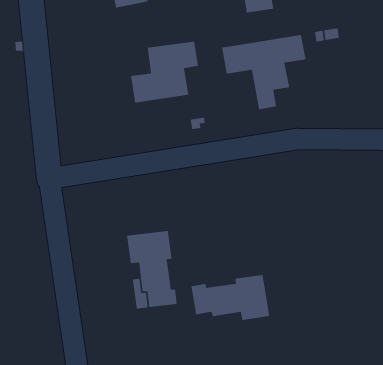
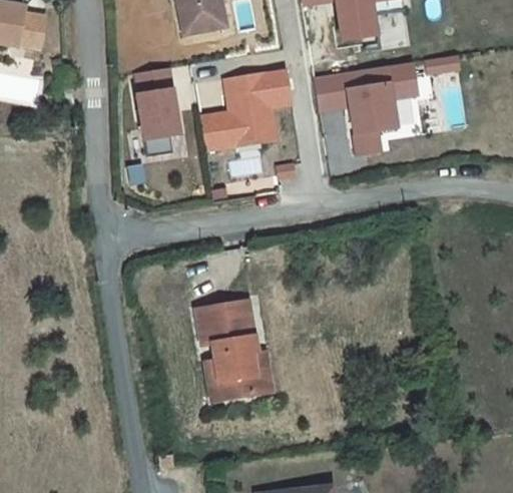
building: none -> [136,68,178,158]
building: [190,274,270,321] -> none

